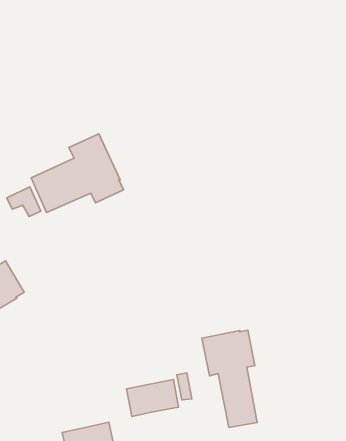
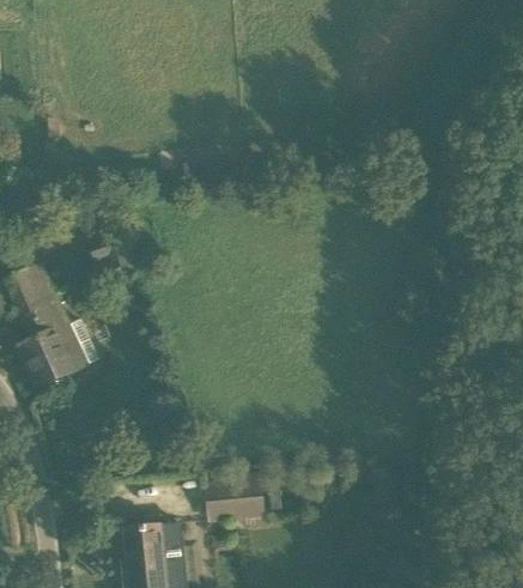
building: [31,134,124,213] -> none
building: [202,330,257,428] -> none

